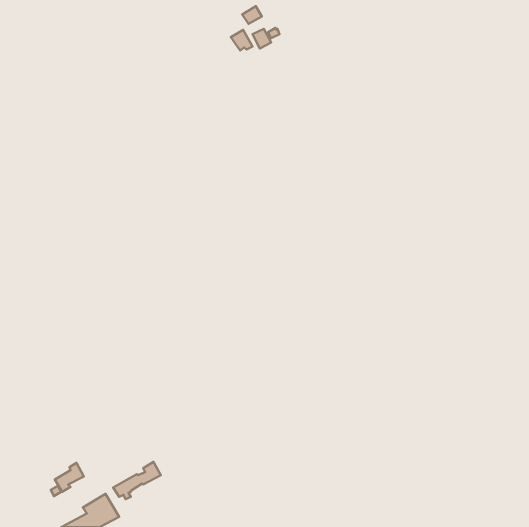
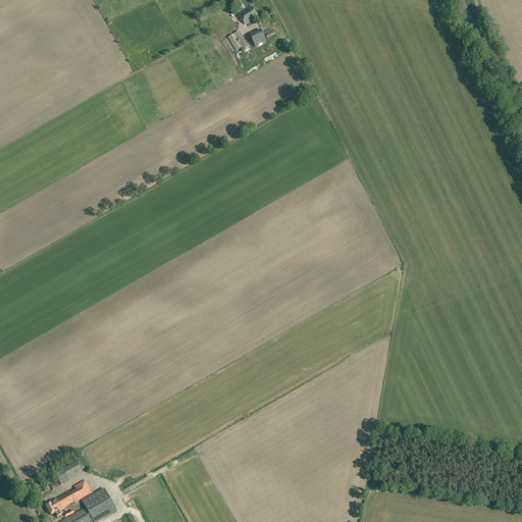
building: [113,462,161,499] -> [45,479,92,516]

